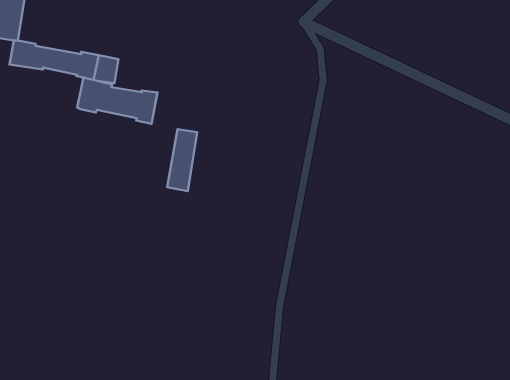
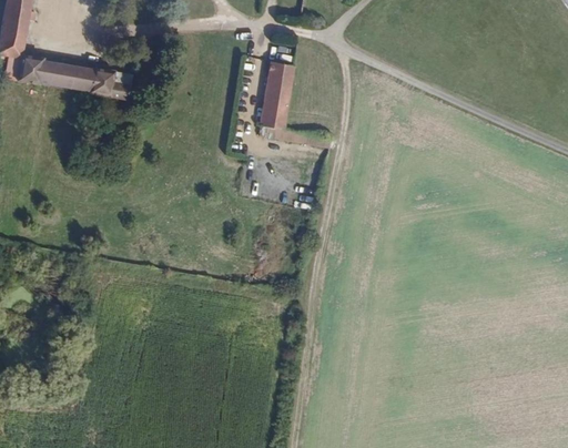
building: [77,78,157,124] -> none
building: [167,129,197,191] -> [261,61,293,128]

